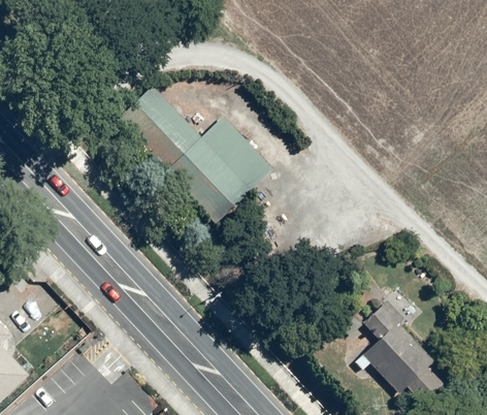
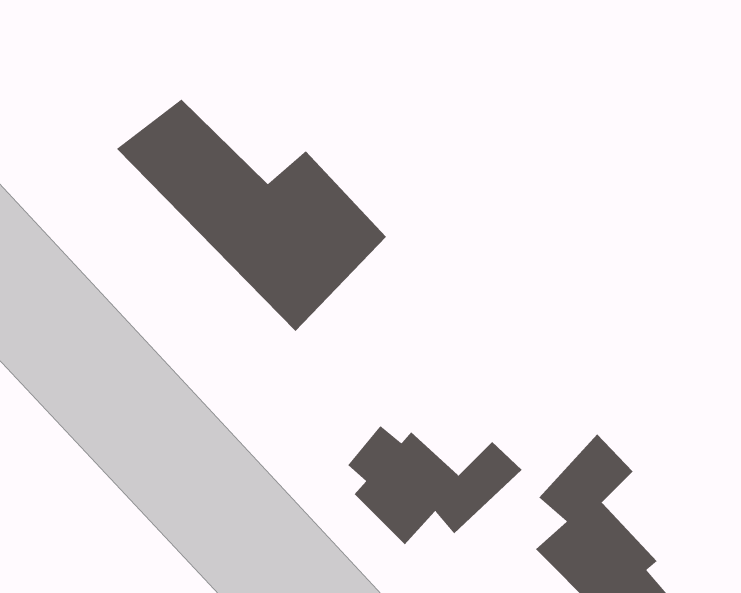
building: none -> [347,425,523,545]

